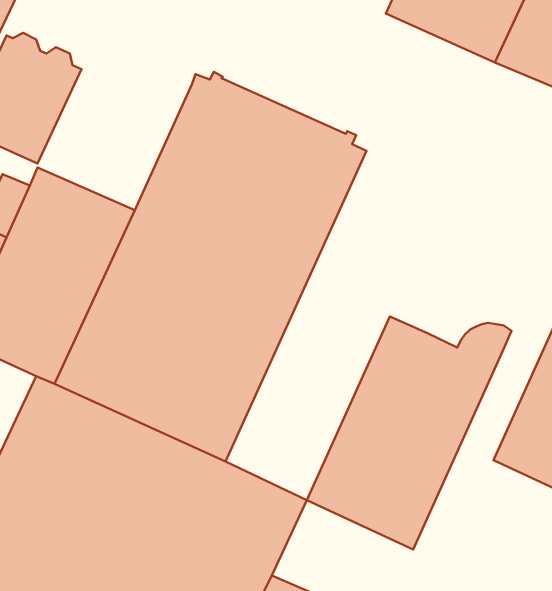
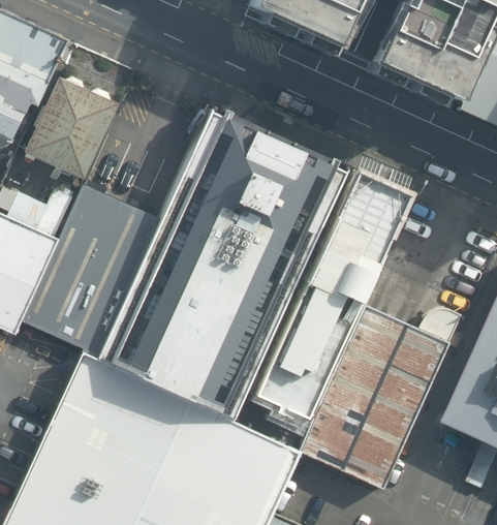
building: none -> [250,167,410,421]

